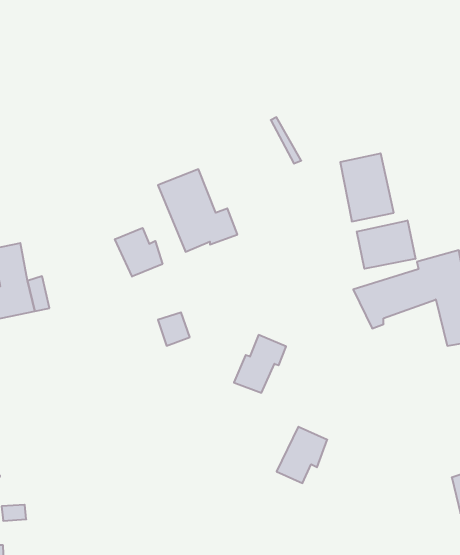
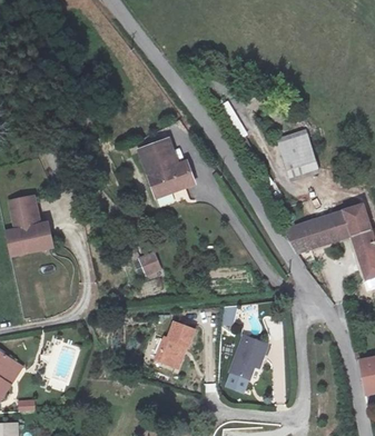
building: [357,220,415,269] -> none
building: [115,228,162,277] -> none
building: [234,335,286,393] -> [155,320,195,365]

